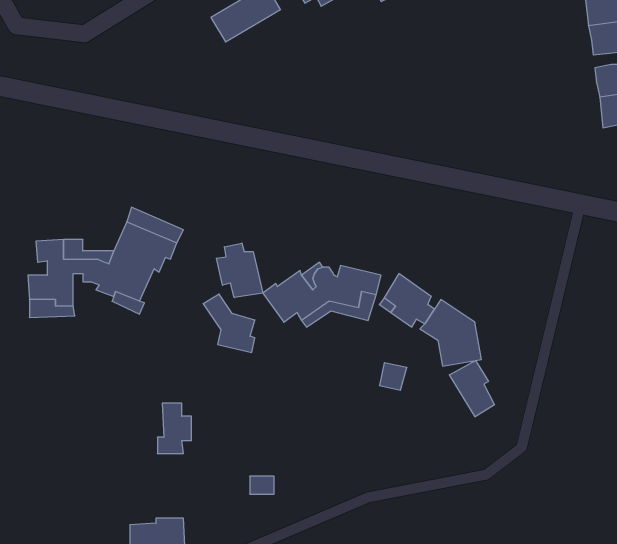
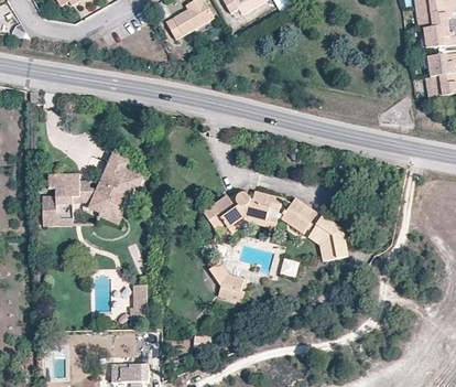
building: [216,243,263,298] -> none
building: [203,294,255,352] -> [208,261,243,301]
building: [449,361,494,417] -> none

